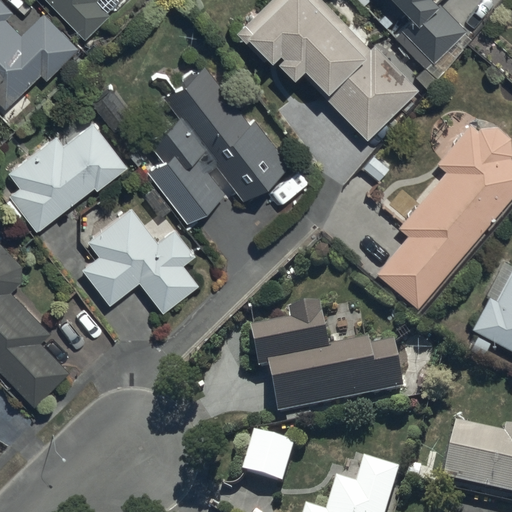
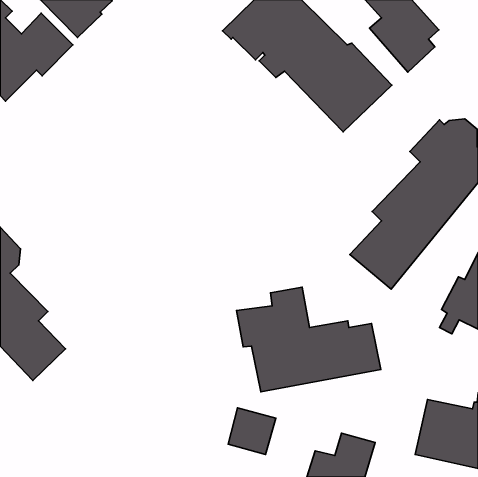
building: [147,65,291,222] -> none
building: [9,121,130,230] -> none
building: [82,207,200,316] -> none

